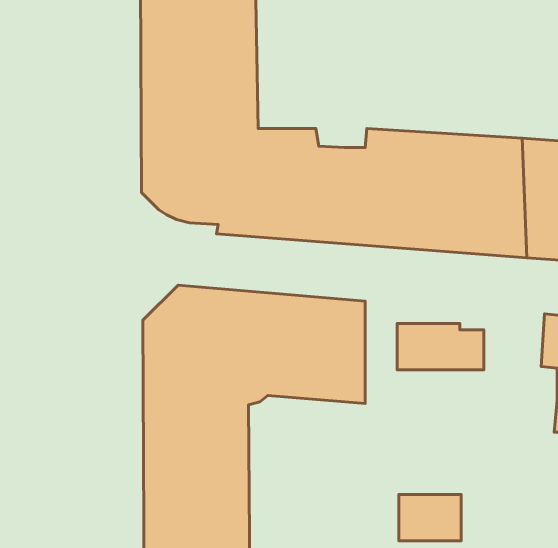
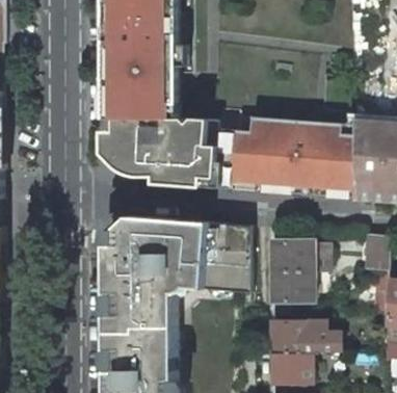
building: none -> [269,270,311,300]
building: none -> [270,321,338,351]

